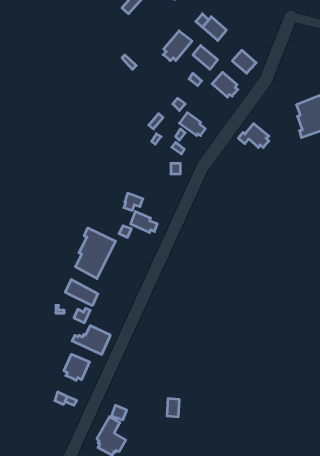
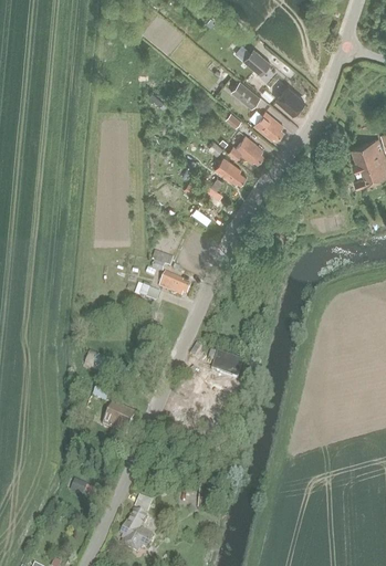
building: [163,31,192,61] -> none
building: [238,124,269,148] -> [228,136,263,164]
building: [75,228,116,279] -> none
building: [64,354,90,380] -> none

